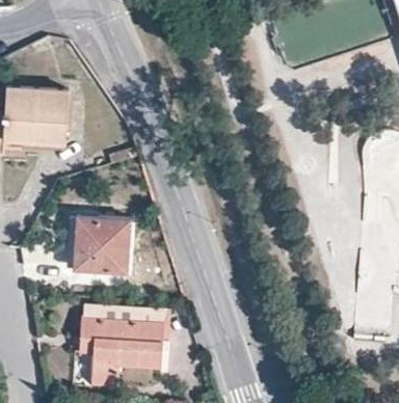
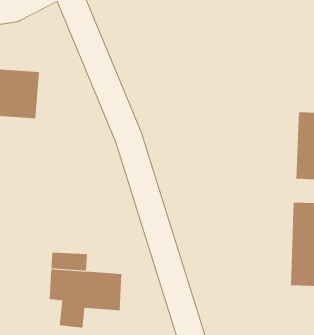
building: [75,218,129,274] -> none

